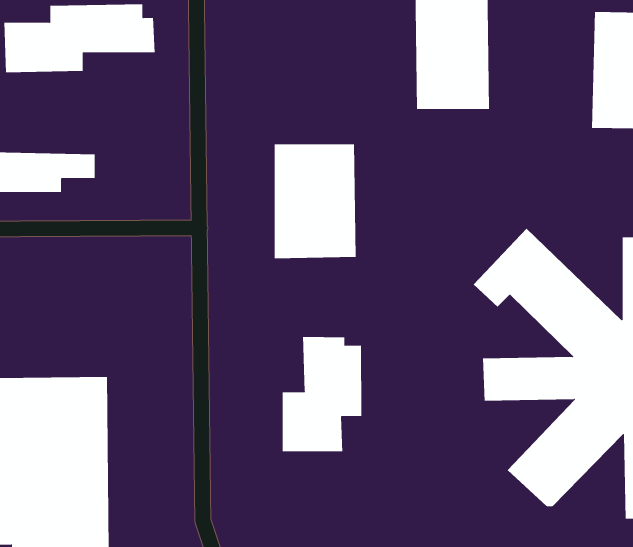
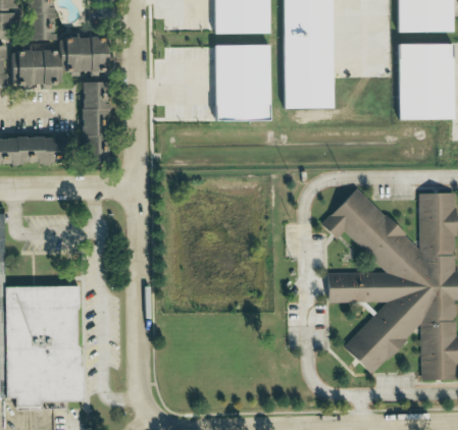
building: none -> [80,80,106,161]
building: [274,144,357,259] -> [214,44,269,120]
building: [282,336,362,452] -> none

